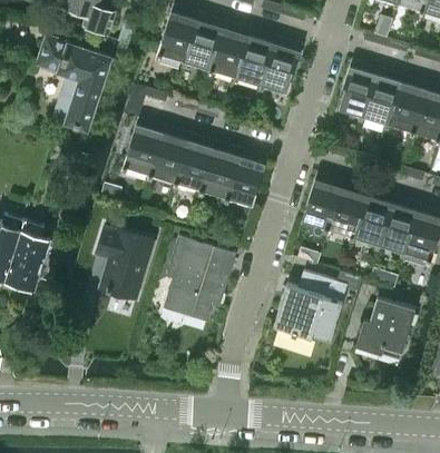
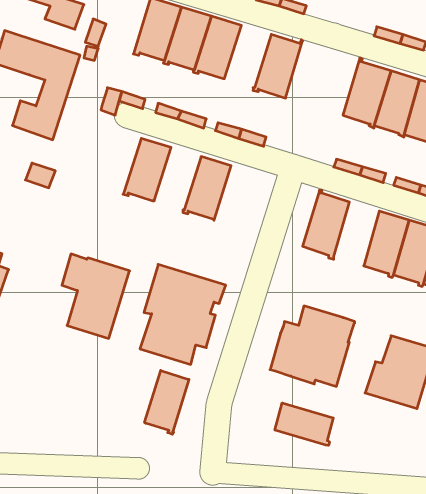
building: [234,32,275,86] -> none
building: [123,118,164,175] -> none
building: [174,137,215,190] -> none
building: [225,152,267,207] -> none
building: [329,184,368,240] -> none
building: none -> [145,370,189,434]
building: none -> [275,403,333,445]

